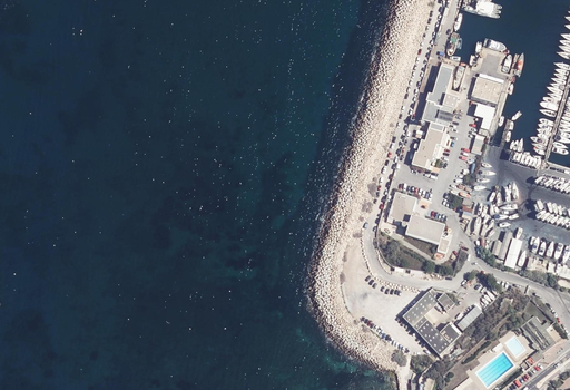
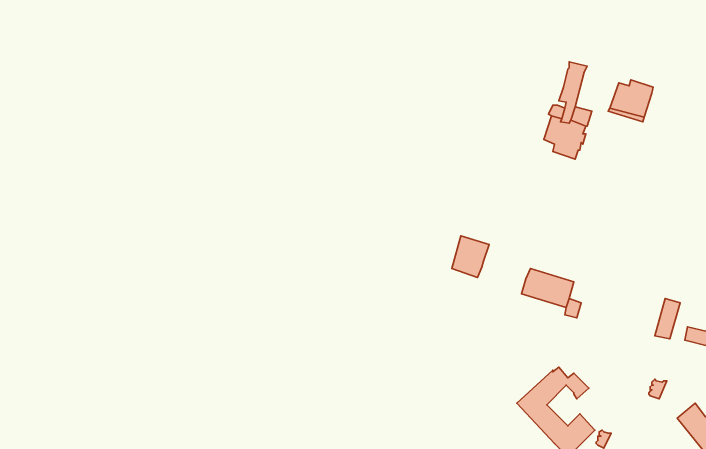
building: [411,128,449,168] -> none
building: [390,192,417,223] -> [452,236,489,278]

